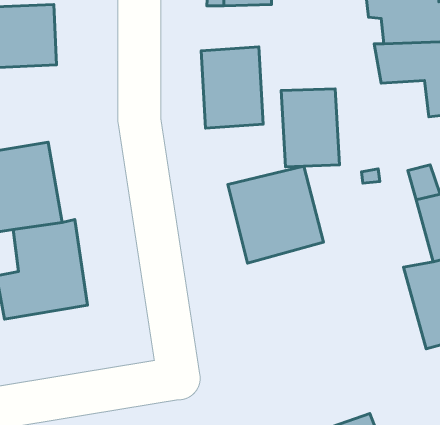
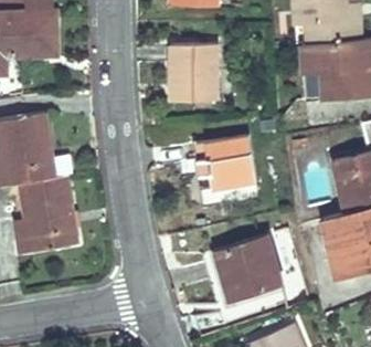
building: none -> [306,67,345,99]
building: [281,89,339,167] -> none
building: none -> [222,232,284,295]

